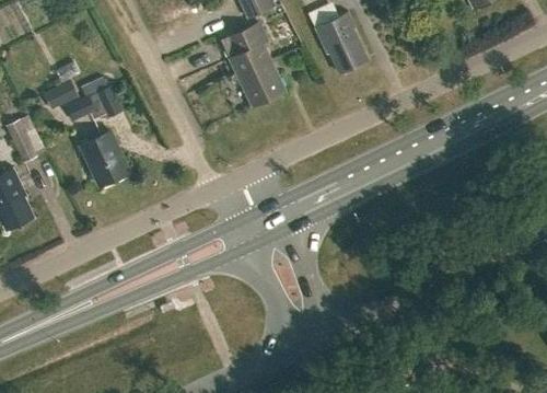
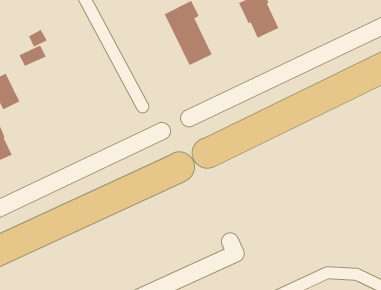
building: [67,85,123,120] -> none
building: [80,131,129,185] -> none

